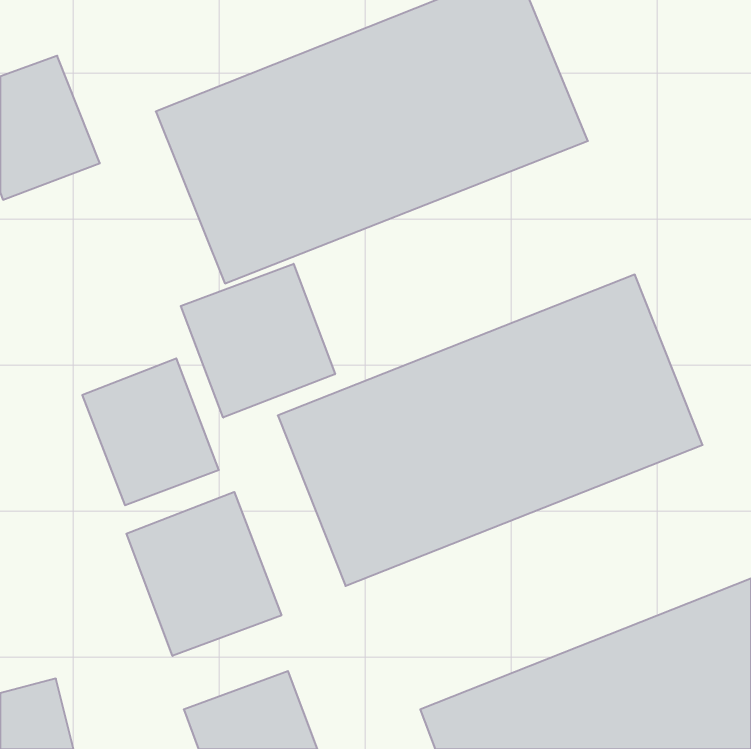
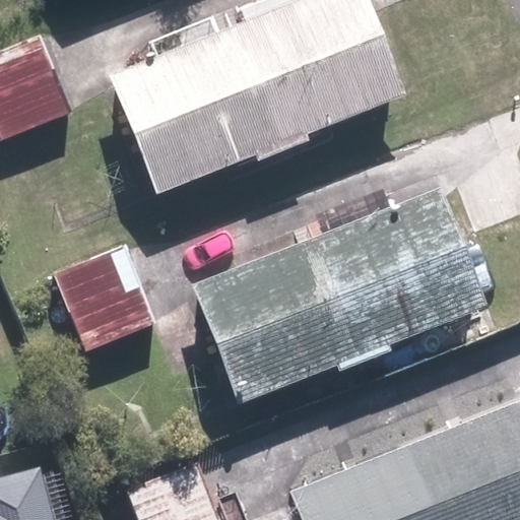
building: [181,264,335,418] -> none
building: [126,492,281,656] -> none

